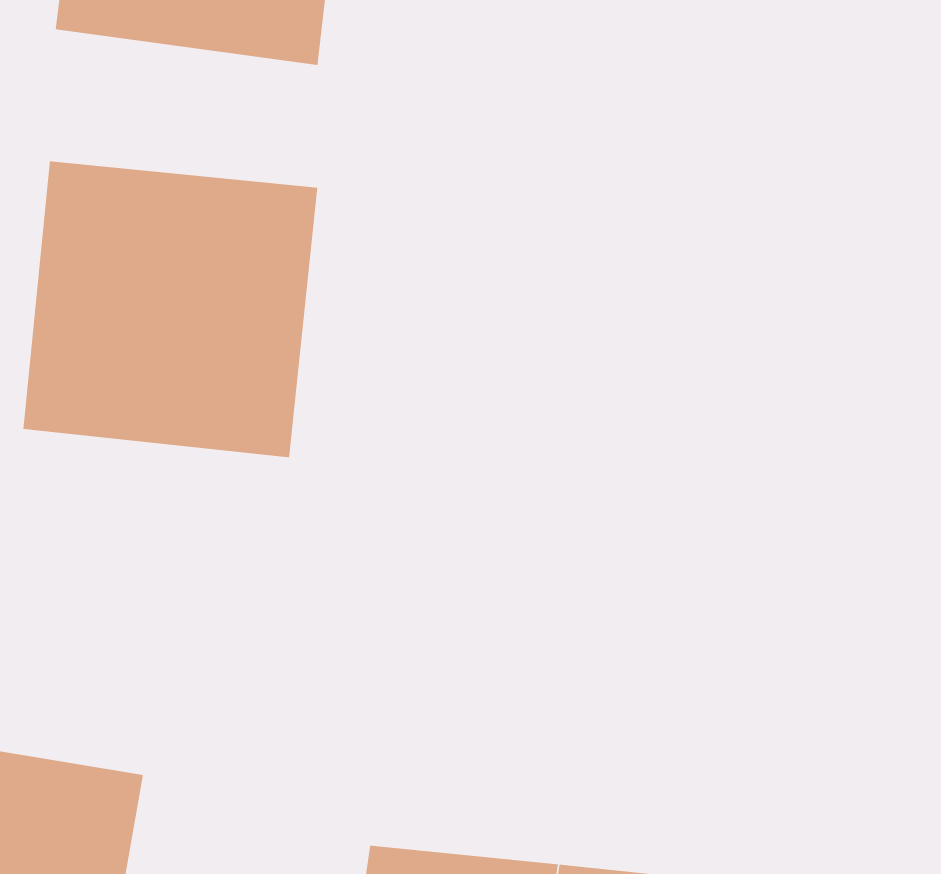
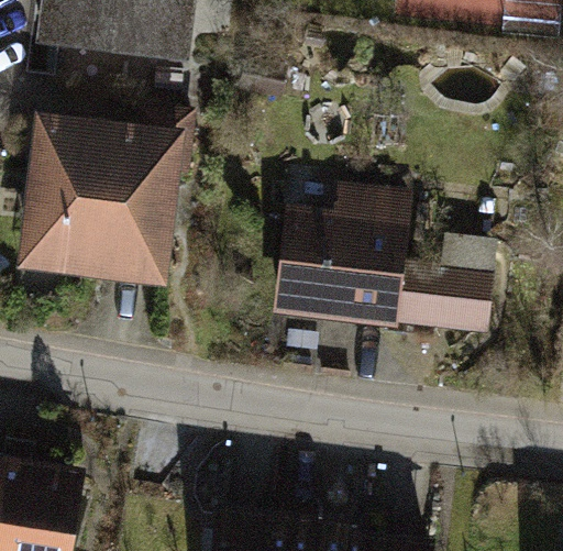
building: none -> [273,185,495,329]

